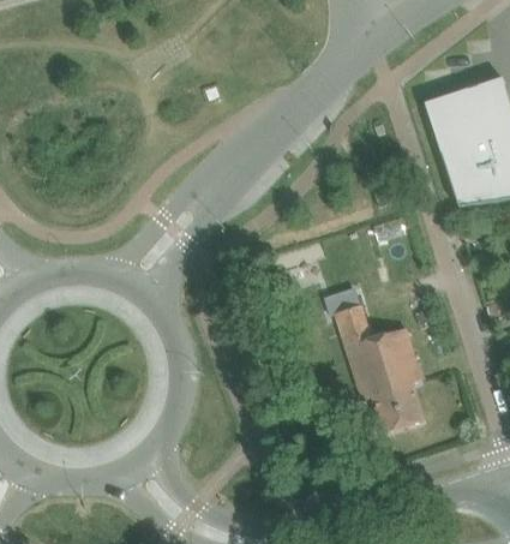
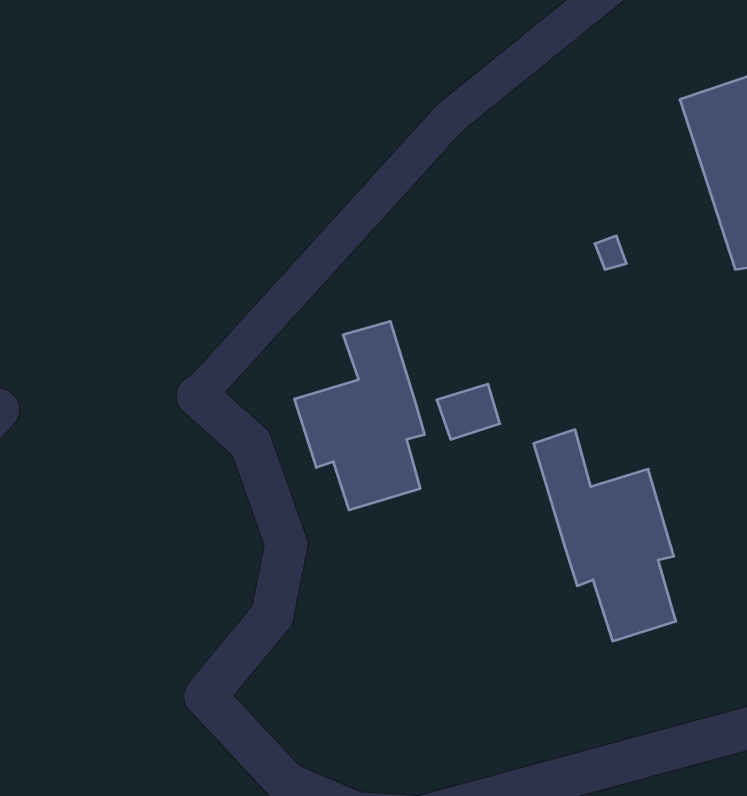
building: none -> [295,321,425,510]

